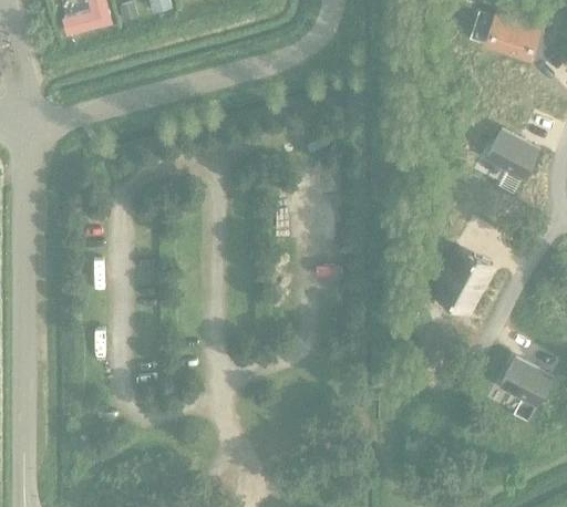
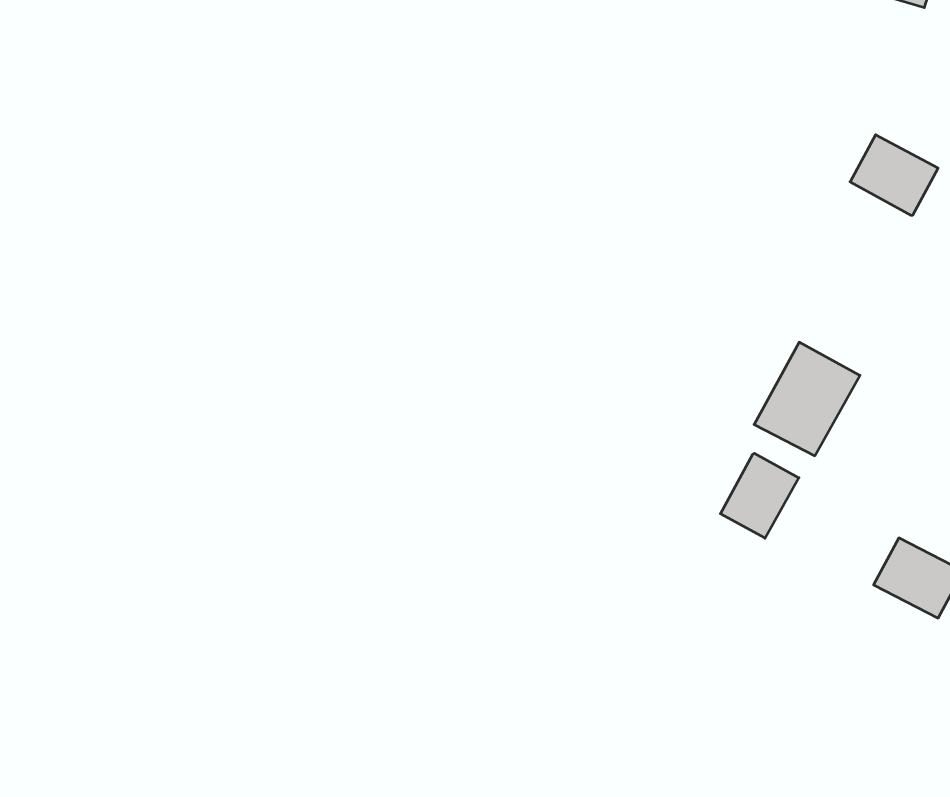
building: none -> [720,453,799,538]

